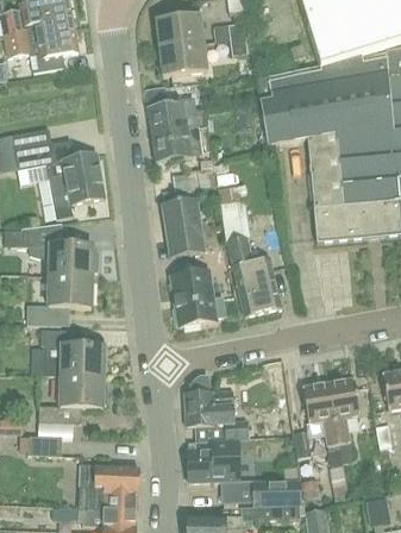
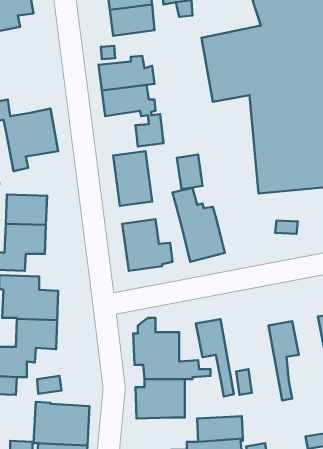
building: [301,382,342,464] -> [196,319,234,396]

